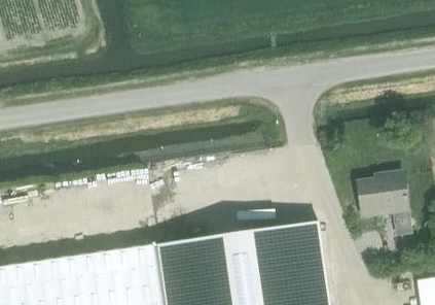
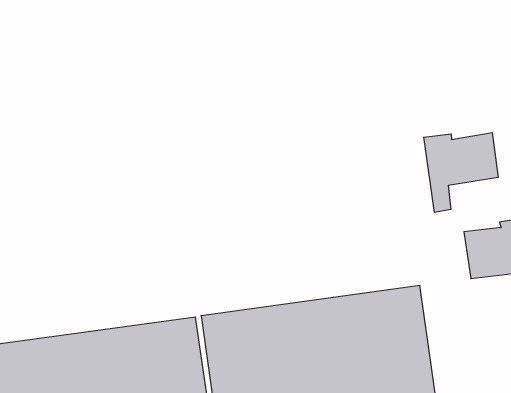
building: none -> [424,133,498,212]

